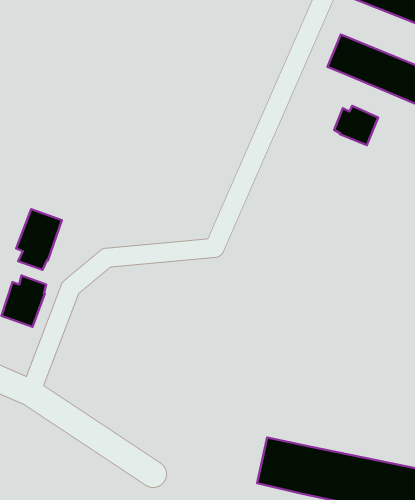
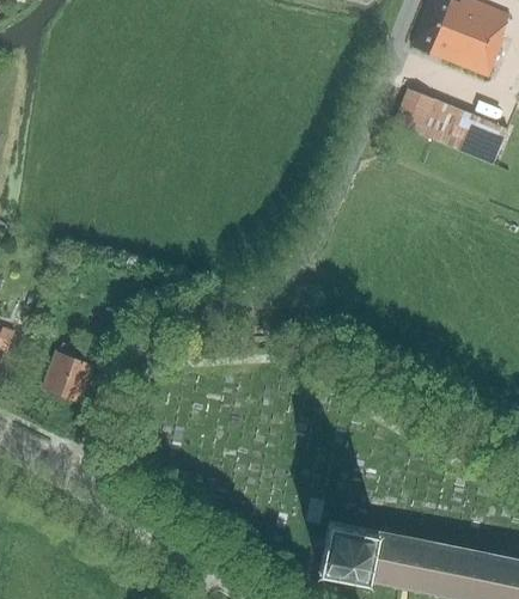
building: [334,106,378,145] -> none
building: [16,209,62,270] -> none

